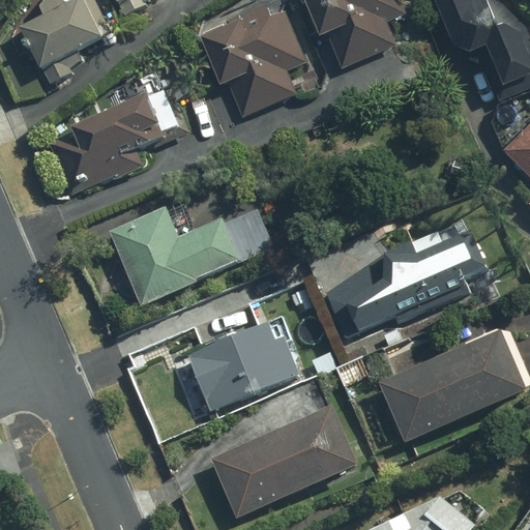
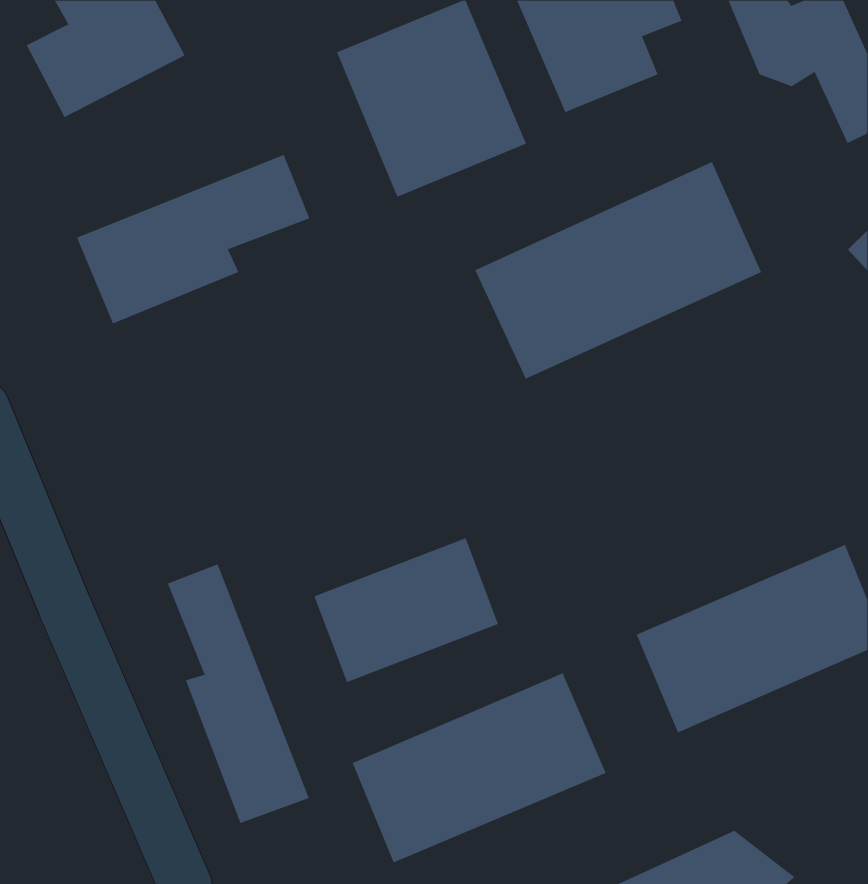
building: none -> [474,161,762,380]
building: [109,209,267,308] -> none
building: [323,236,494,340] -> none
building: none -> [167,564,310,824]

